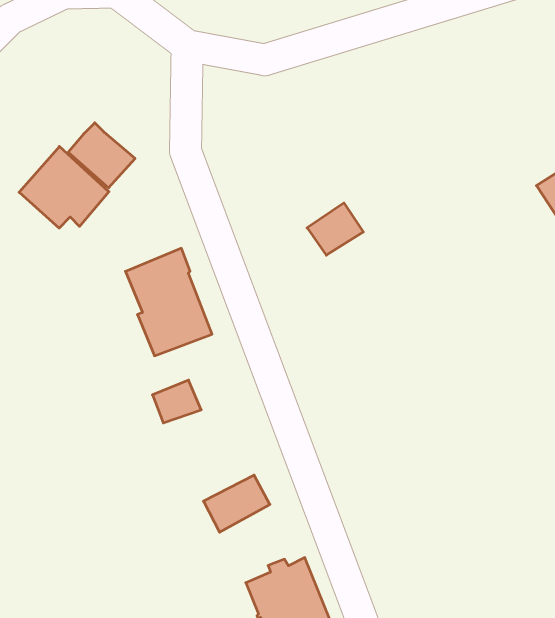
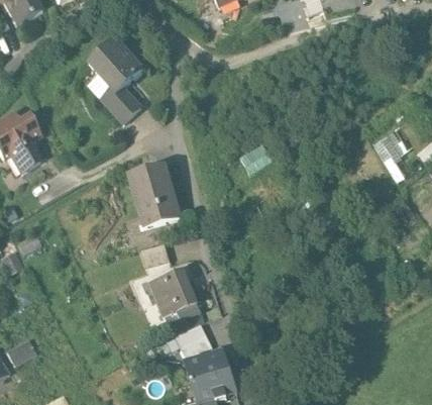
building: [19,146,109,228] -> [90,40,143,89]
building: none -> [142,267,200,314]
building: none -> [176,321,212,357]

